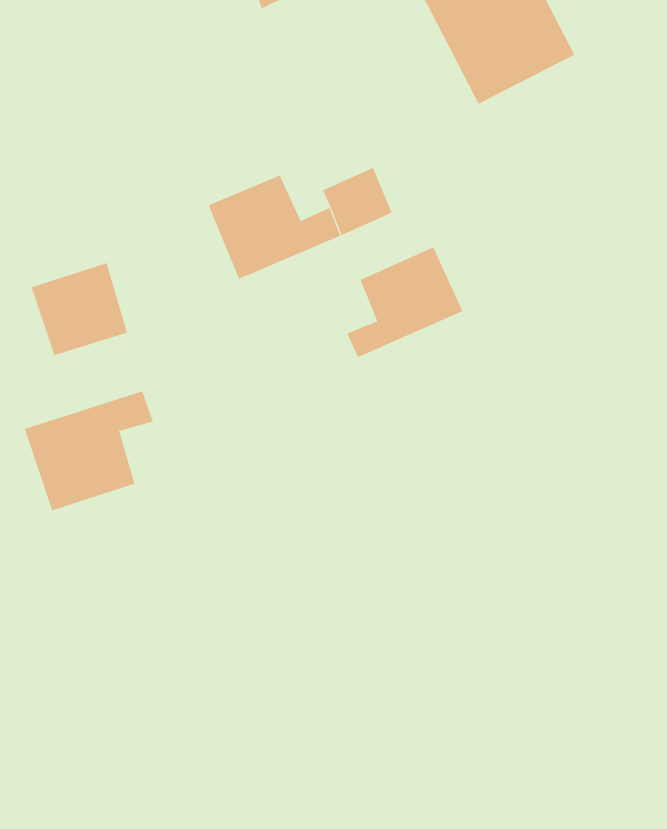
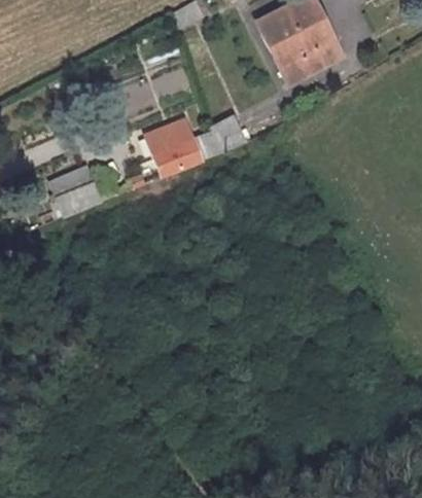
building: [346,247,463,358] -> none
building: [24,390,154,511] -> none

